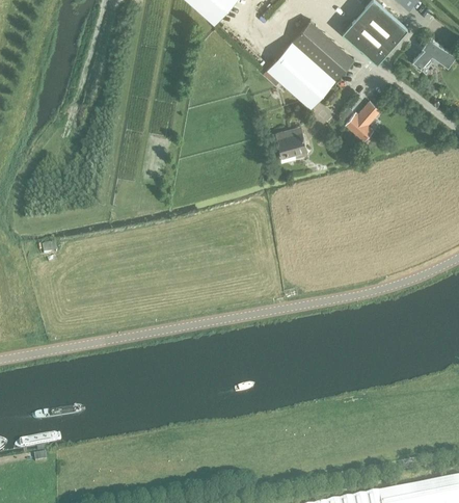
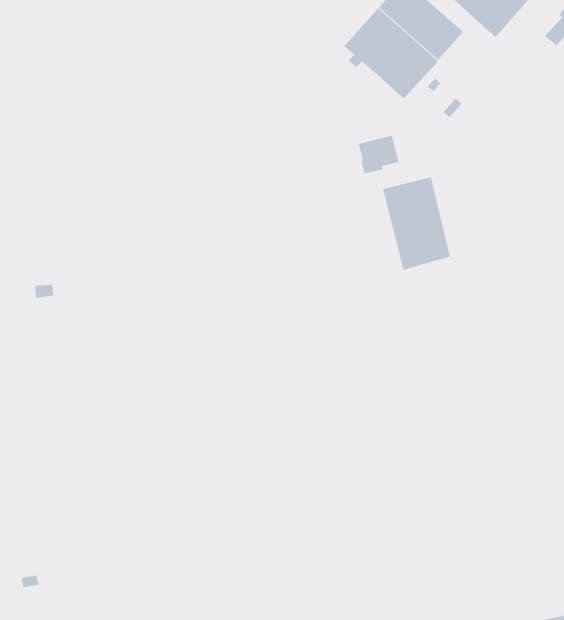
building: [346,103,380,142] -> none
building: none -> [383,177,451,270]

